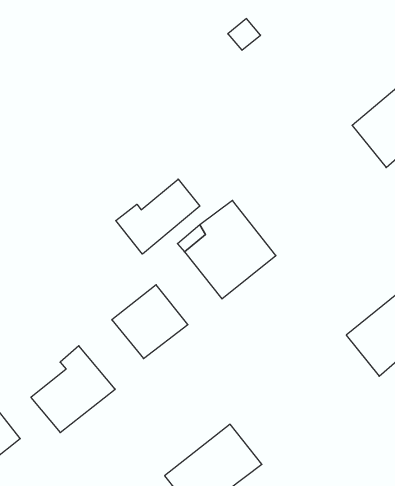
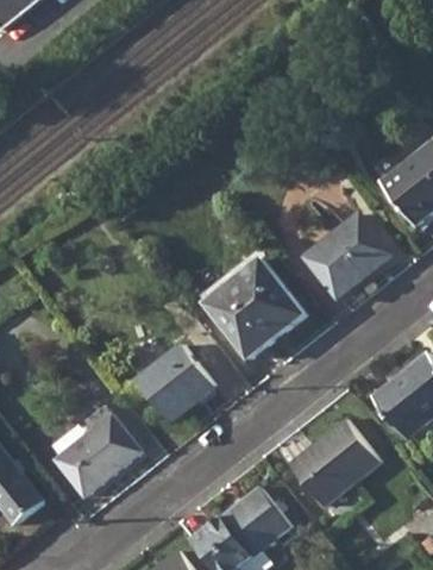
building: none -> [305,214,390,296]
building: [116,179,200,254] -> none
building: none -> [289,416,378,503]

